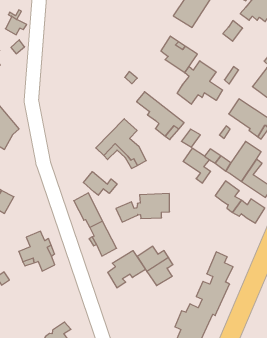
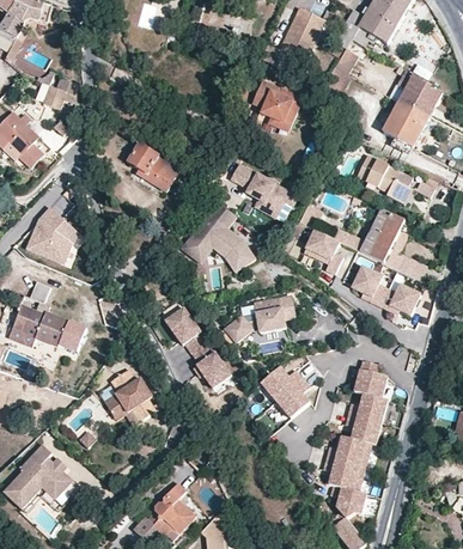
building: [177,61,223,104] -> none
building: none -> [126,142,178,194]
building: [83,172,117,195] -> none
building: [108,251,145,288] -> none

